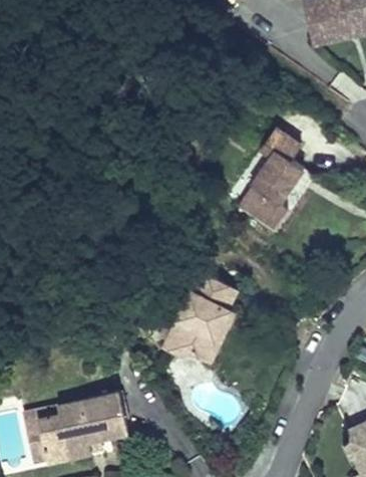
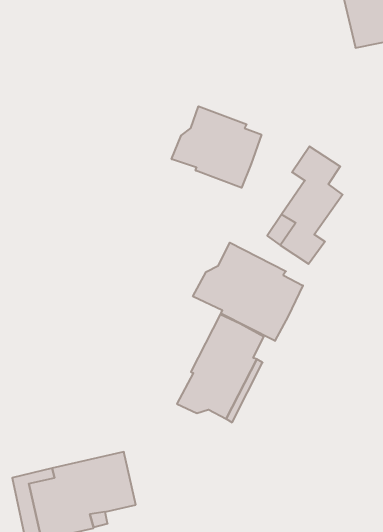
building: none -> [172,106,261,188]
building: none -> [193,243,303,341]

